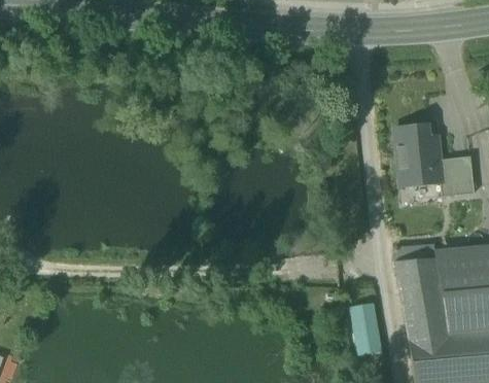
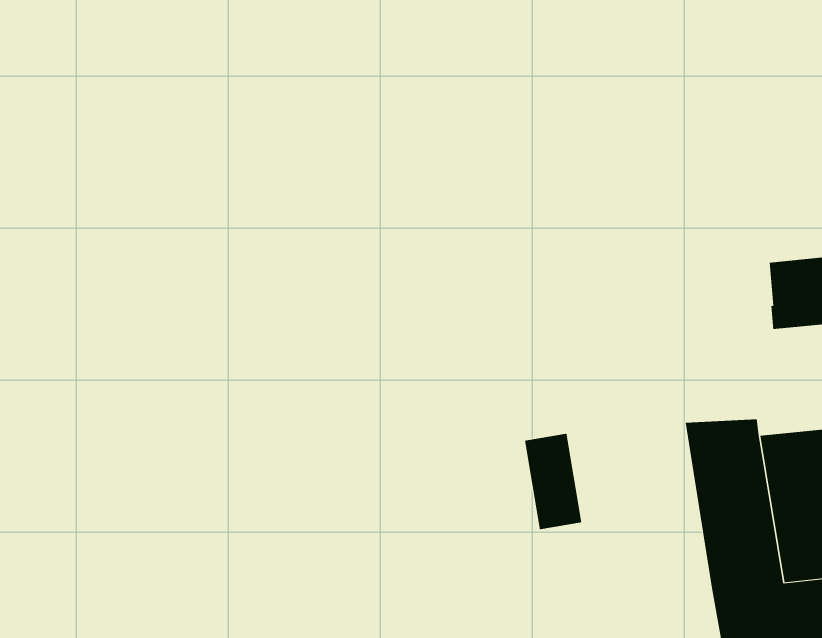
building: [393,125,442,186] -> none
building: [350,302,382,355] -> [524,433,582,530]

